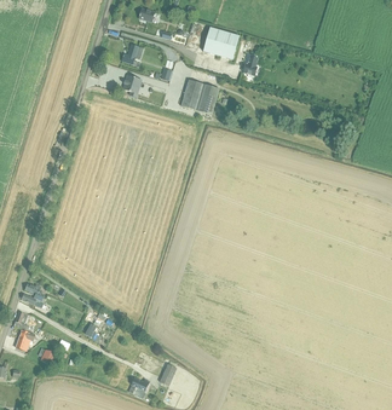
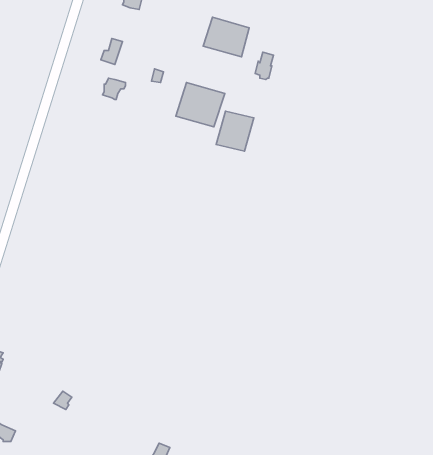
building: none -> [216,111,254,151]

